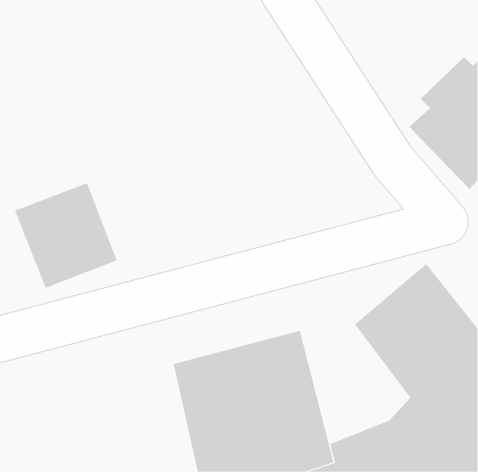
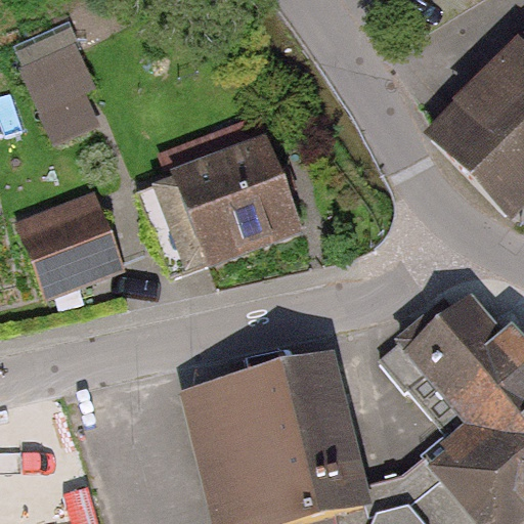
building: none -> [25,18,103,130]
building: none -> [180,150,307,275]

